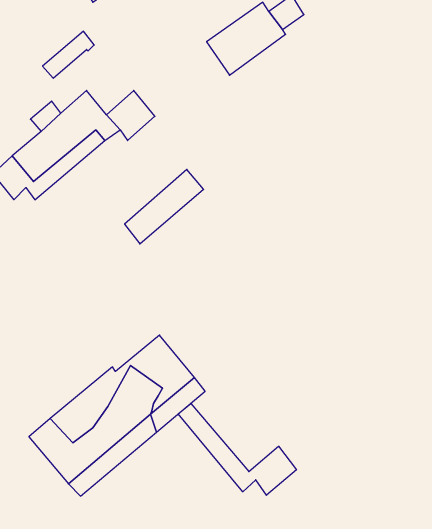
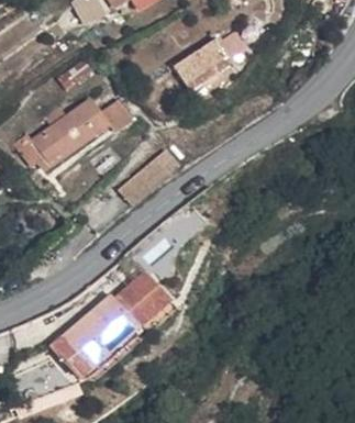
building: [178,403,296,495] -> none

